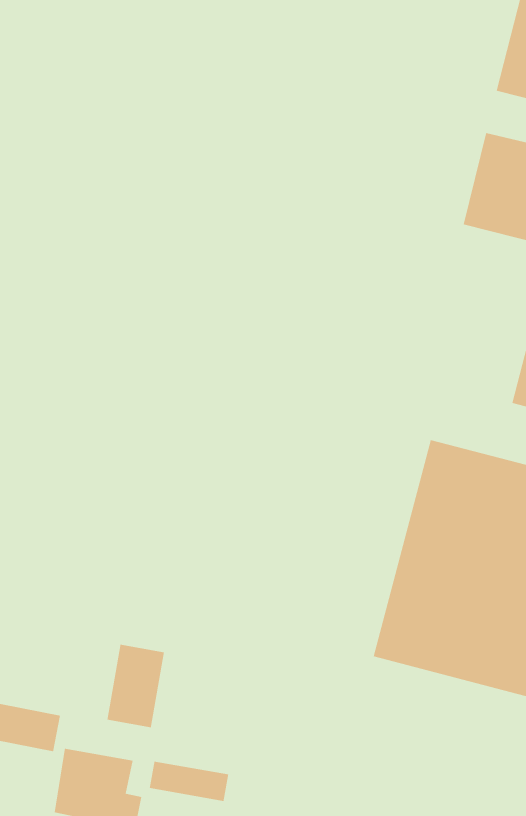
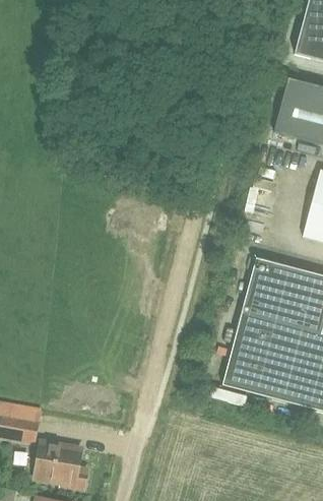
building: [107,644,164,728] -> none
building: [149,761,229,802] -> none

